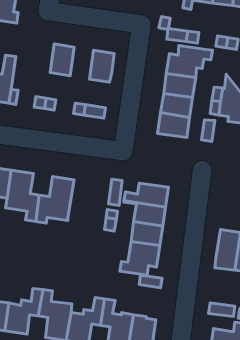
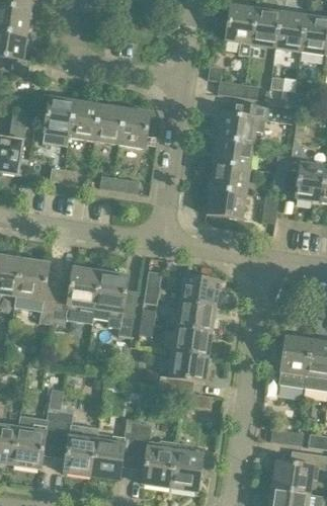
building: none -> [43,95,75,145]
building: none -> [95,103,125,144]
building: none -> [92,271,136,336]

